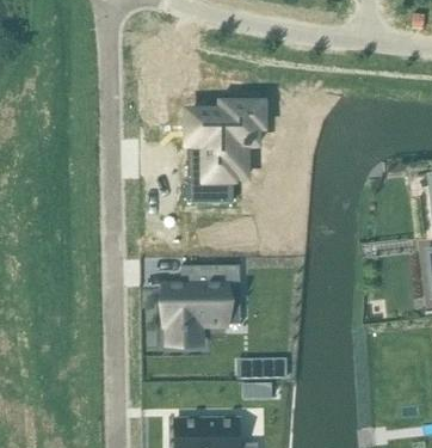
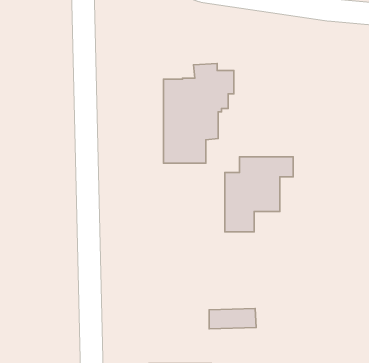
building: [169,268,242,348] -> [225,157,293,232]

